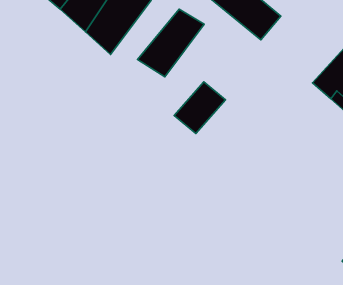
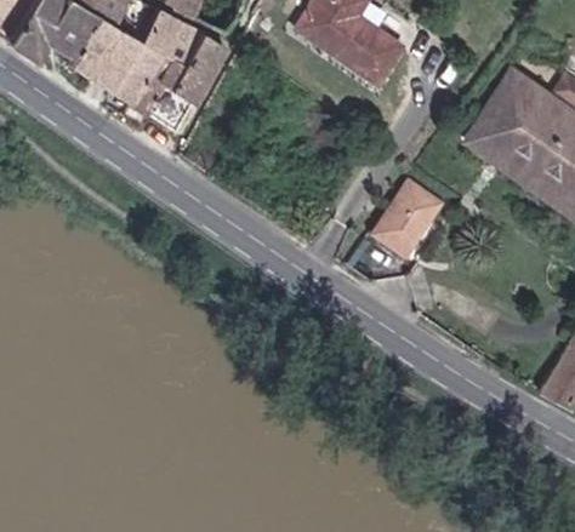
building: [137,9,204,77] -> none
building: [174,82,225,134] -> [374,181,444,256]

